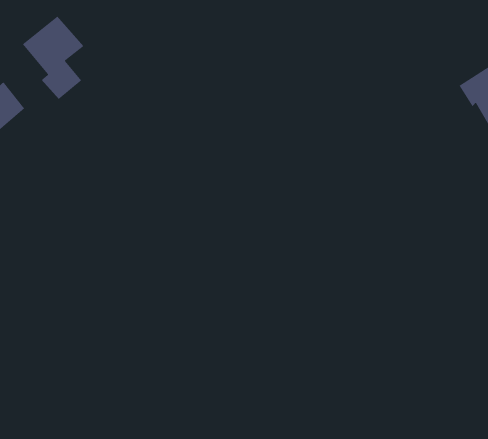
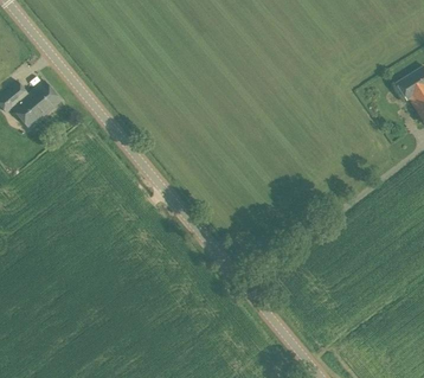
building: [22,15,84,100] -> none

